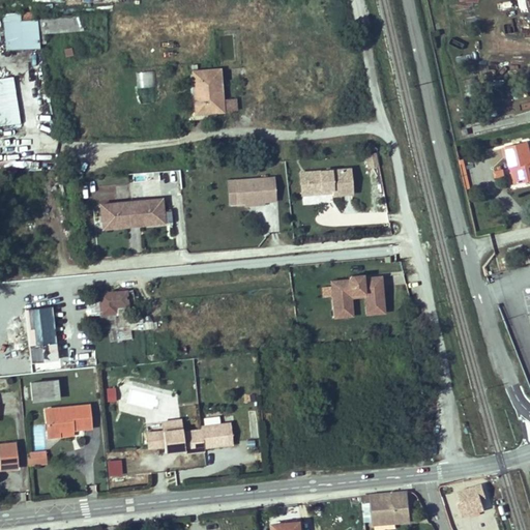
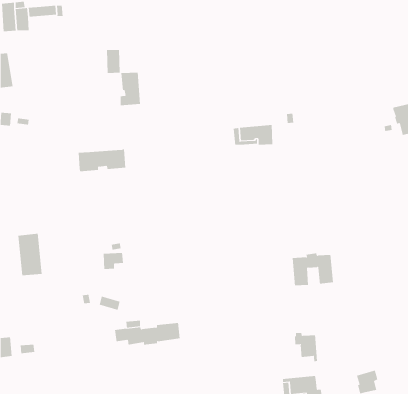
building: [197,69,224,113] -> [120,72,141,106]
building: [228,175,279,208] -> none
building: [329,276,383,319] -> [292,253,334,286]
building: [100,293,127,315] -> [103,253,124,270]
building: [32,381,60,400] -> none
building: [48,405,93,437] -> none
building: none -> [294,332,318,362]

